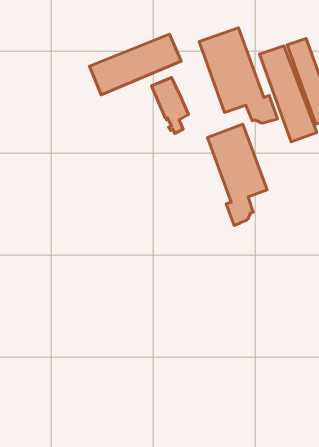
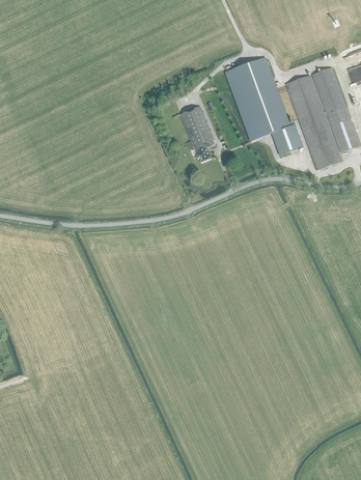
building: [89,34,181,95] -> none
building: [208,124,267,225] -> none

